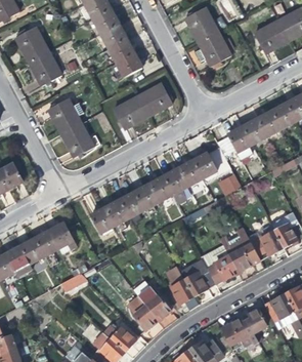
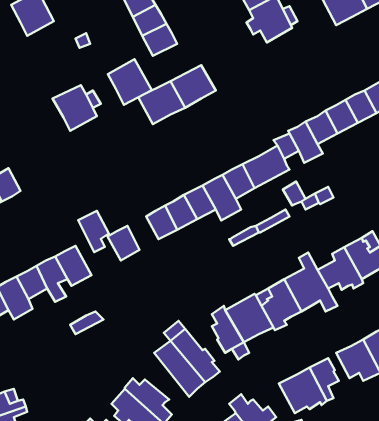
building: [28,50,61,86] -> none
building: [60,123,94,158] -> [108,59,152,105]
building: [104,200,128,232] -> [78,211,109,252]

